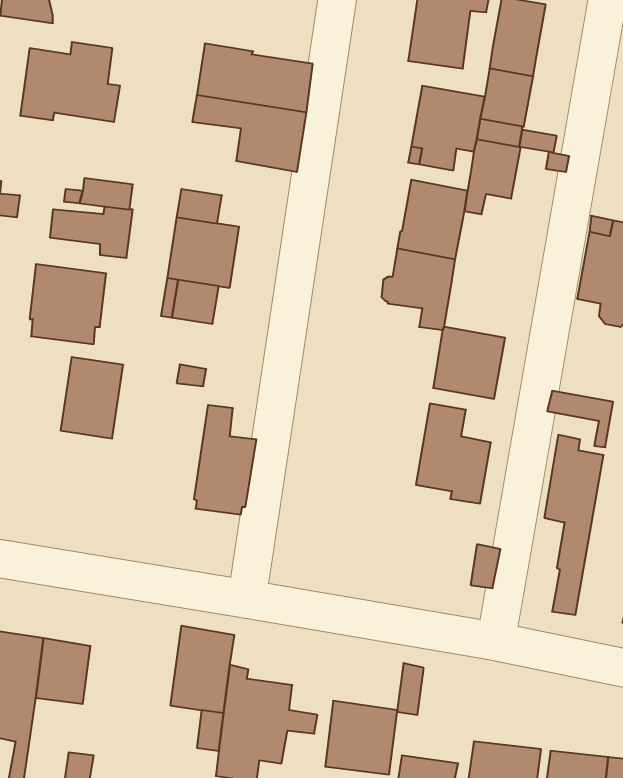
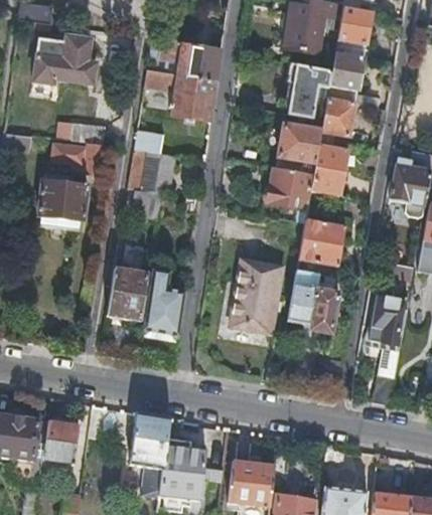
building: none -> [310,144,346,194]
building: [61,357,123,438] -> [107,268,147,320]
building: none -> [231,256,283,331]

